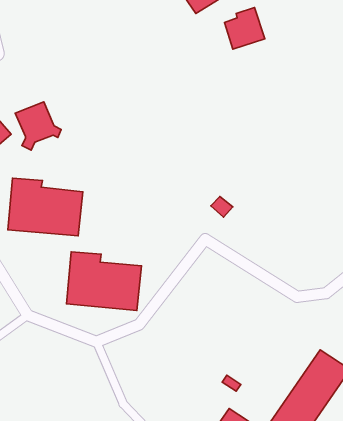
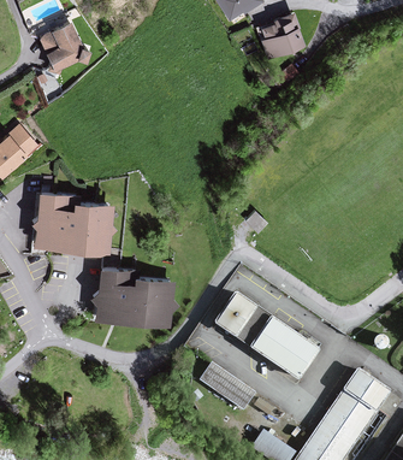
building: [15,102,61,150] -> [40,24,88,75]
building: none -> [218,294,321,381]
building: none -> [202,365,256,412]

